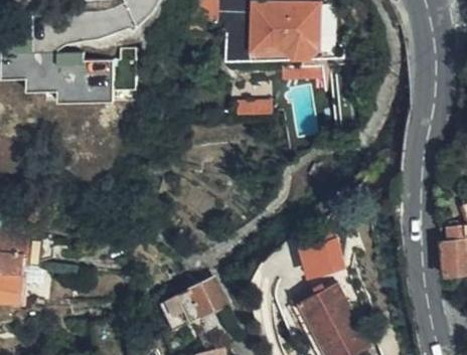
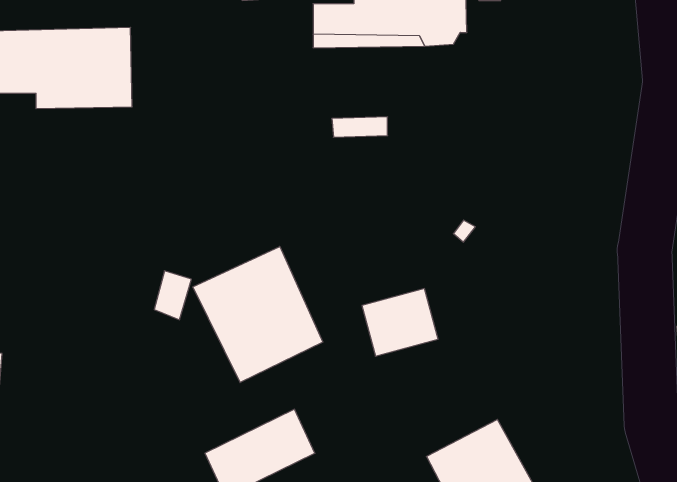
building: none -> [193,246,323,383]
building: [302,236,347,277] -> [362,289,438,356]

